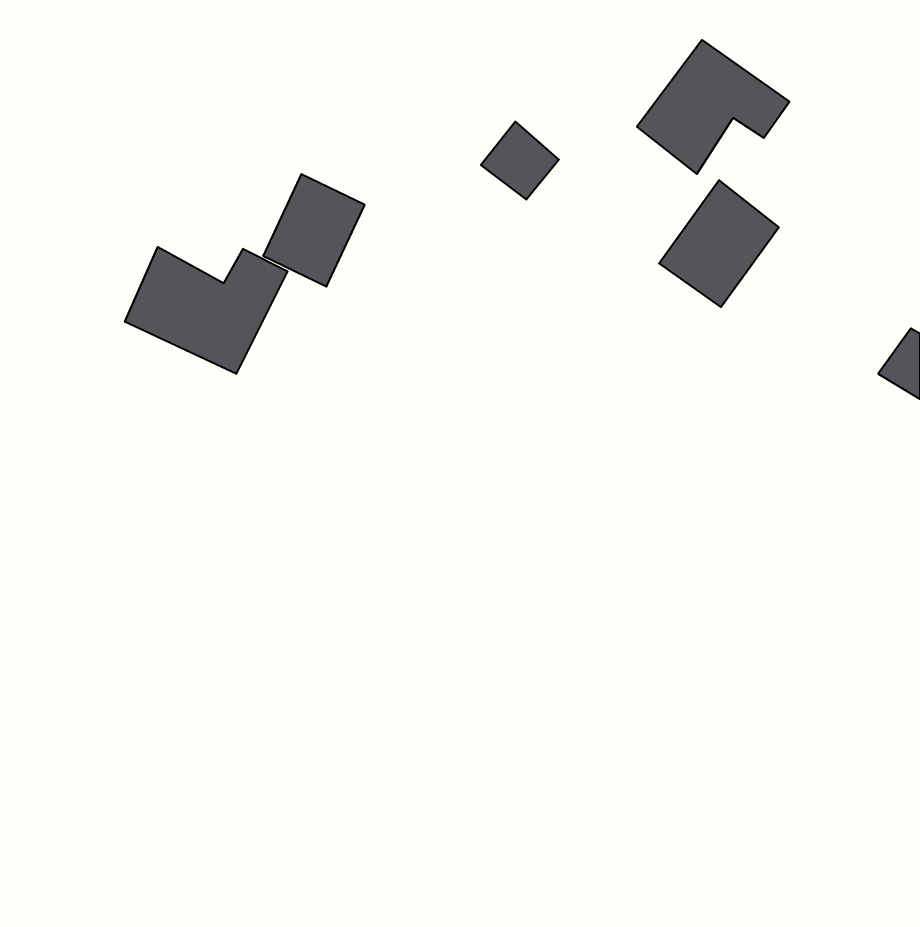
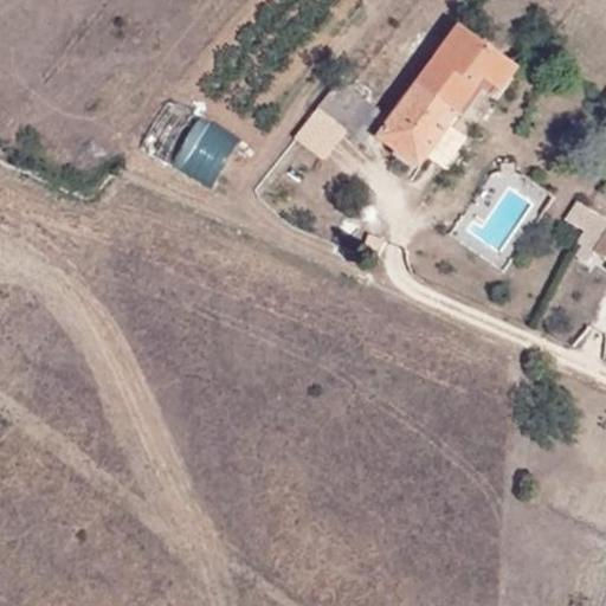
building: [659,180,779,307] -> [376,83,454,166]
building: [125,247,288,374] -> none

